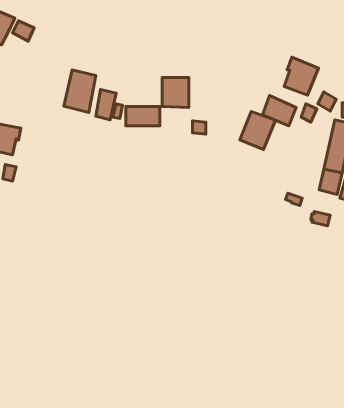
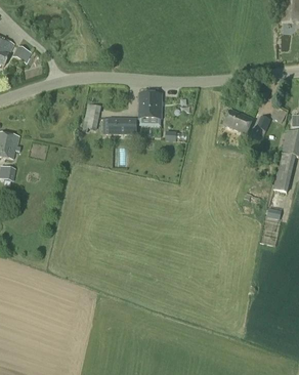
building: [284,57,318,95] -> none
building: [64,70,96,113] -> none
building: [240,112,275,150] -> none

